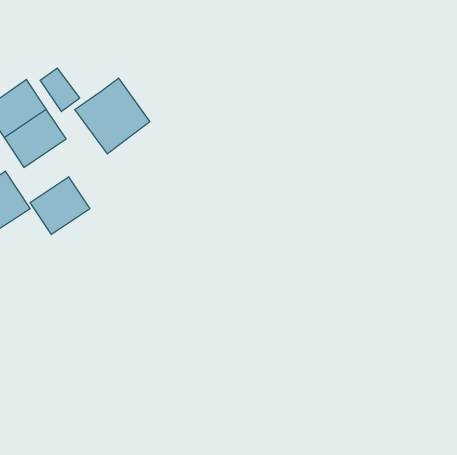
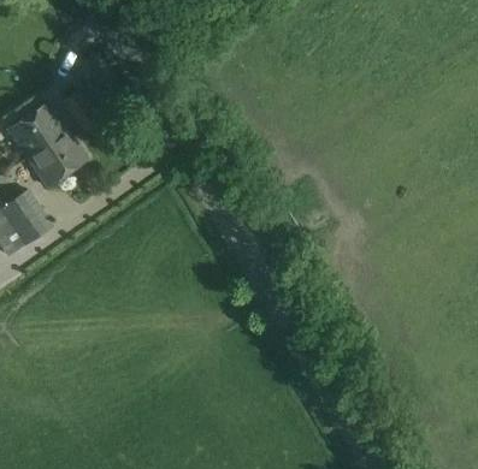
building: [75,78,150,154] -> none
building: [30,177,90,235] -> none

